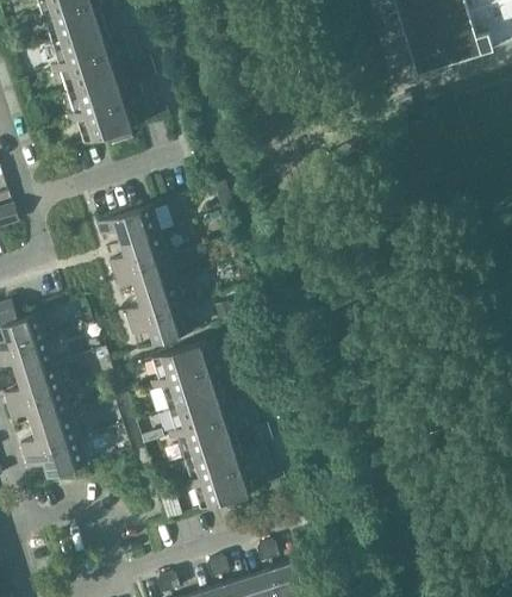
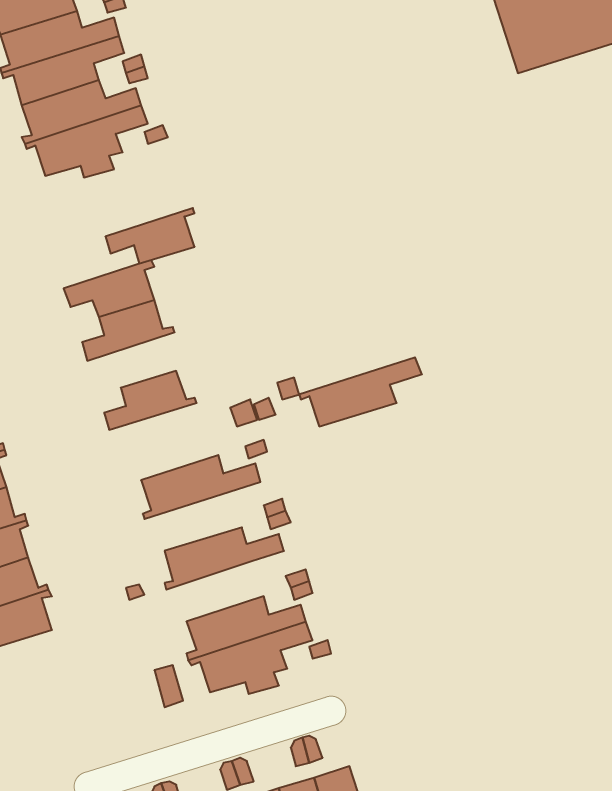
building: [108,254,171,293] -> [105,208,195,264]
building: [124,304,188,344] -> none
building: [149,360,236,409] -> [299,357,422,426]
building: [164,409,251,459] -> none

